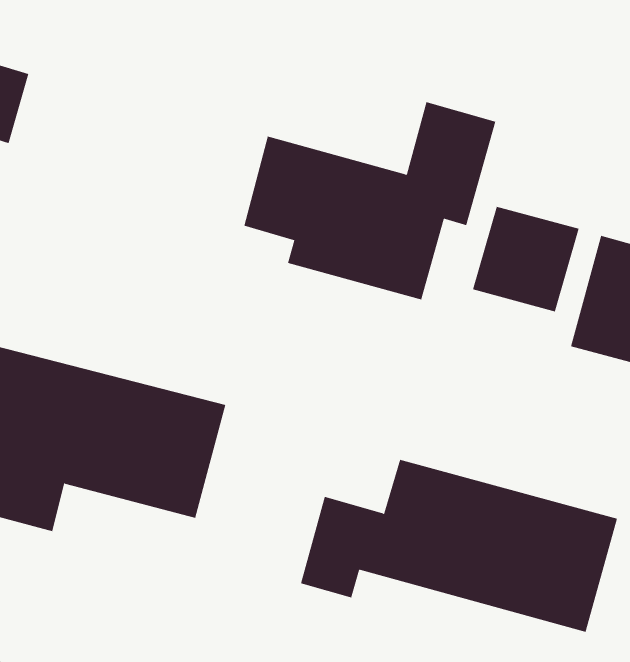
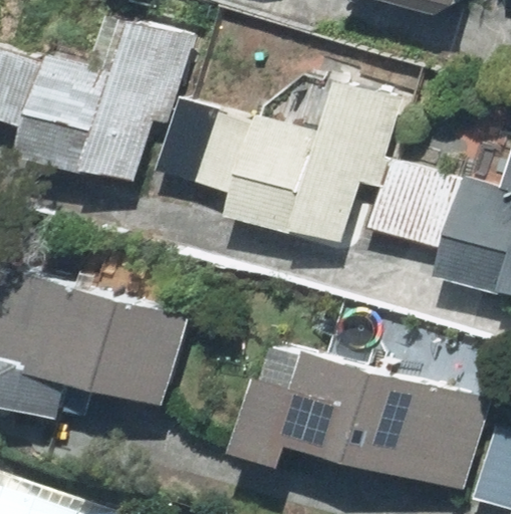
building: none -> [28,27,207,177]

